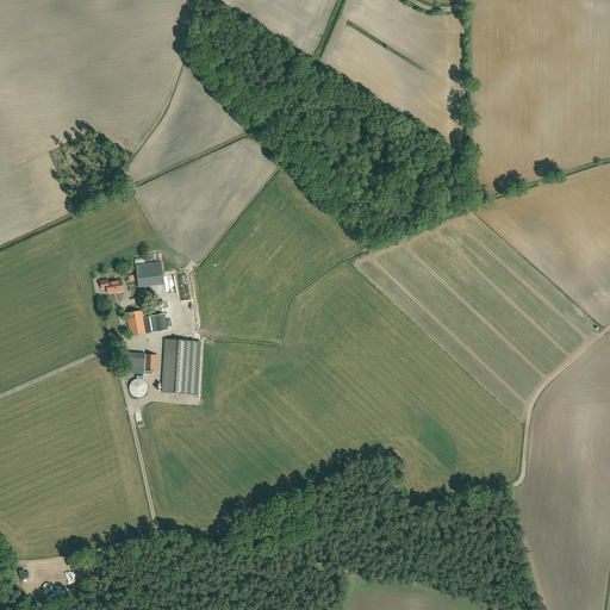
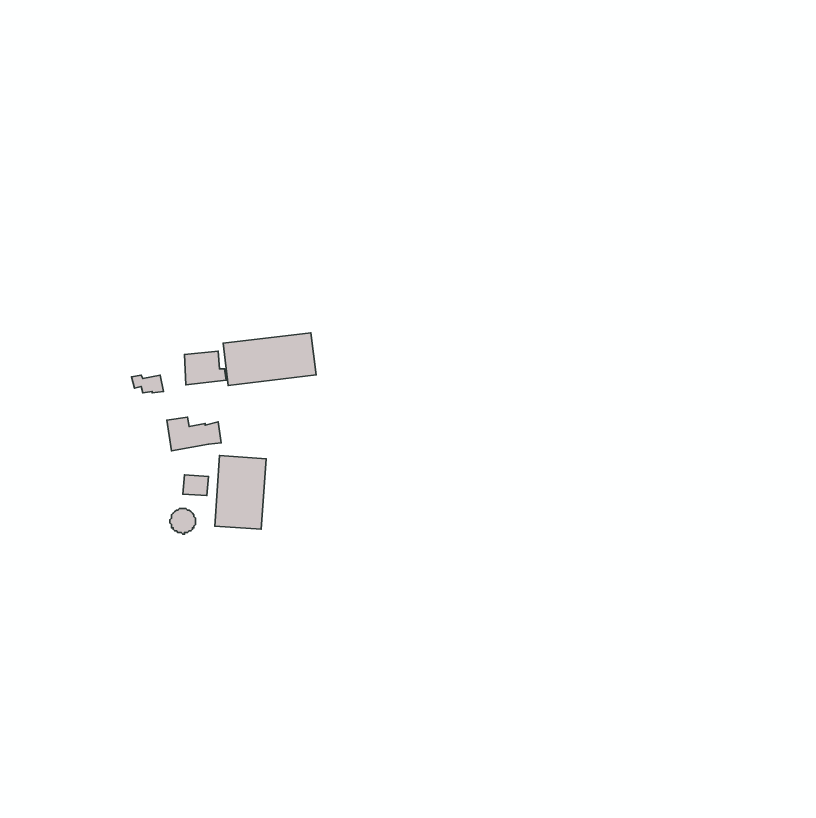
building: none -> [223,333,316,385]

